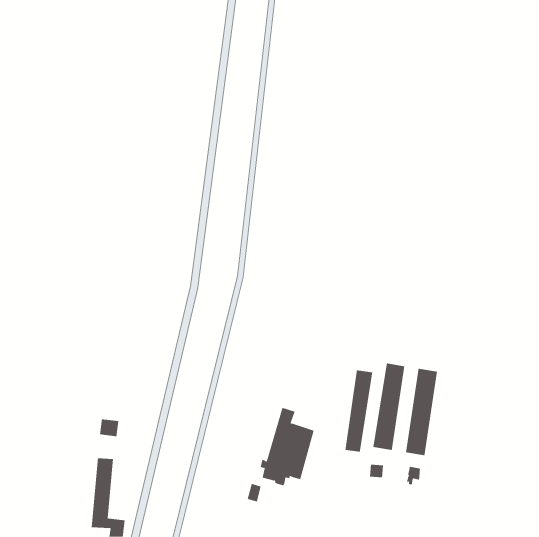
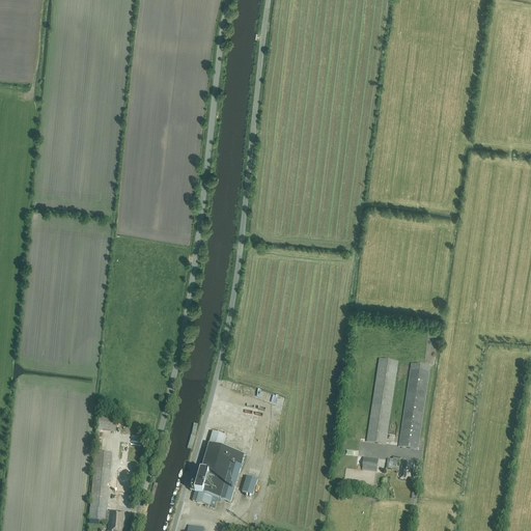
building: [345,369,373,453] -> none
building: [260,407,315,486] -> [191,430,245,508]

